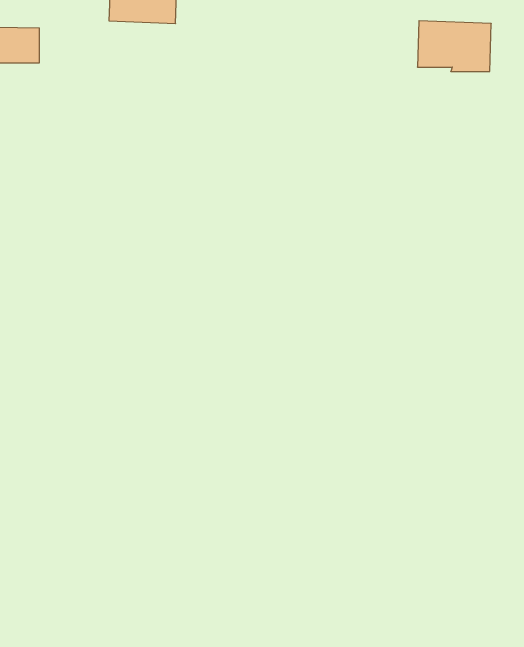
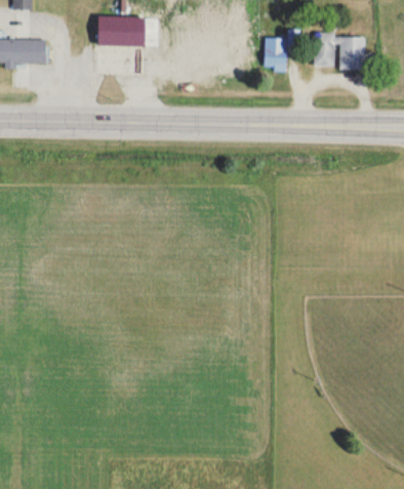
building: none -> [264,39,285,70]

